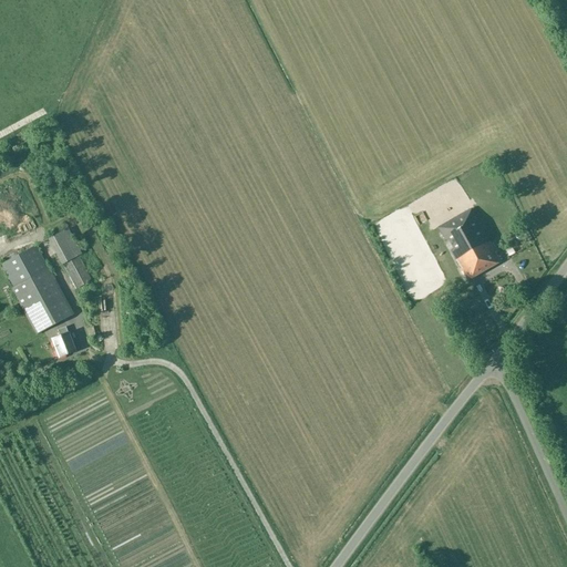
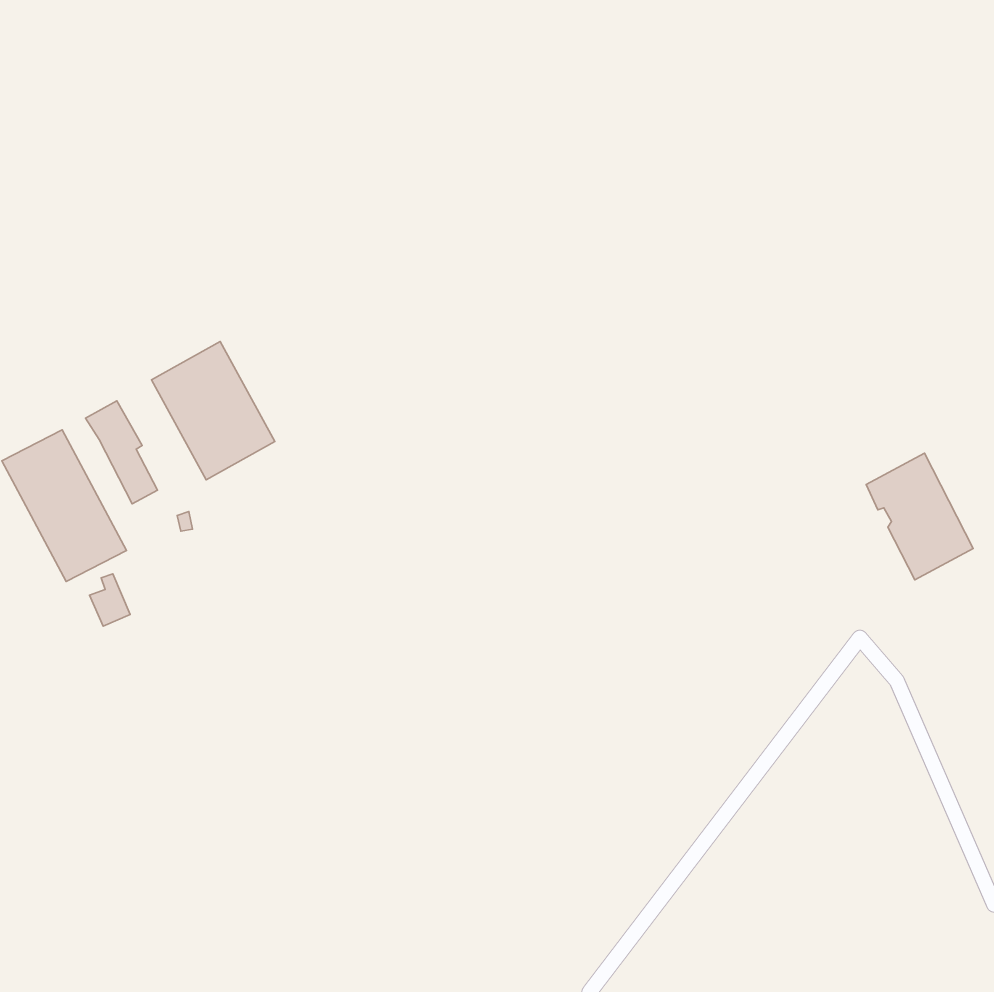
building: none -> [151,341,275,480]
building: [440,208,501,280] -> [866,453,973,580]

